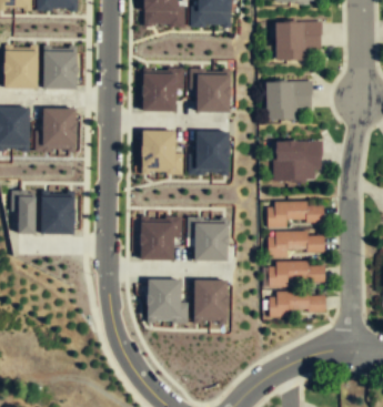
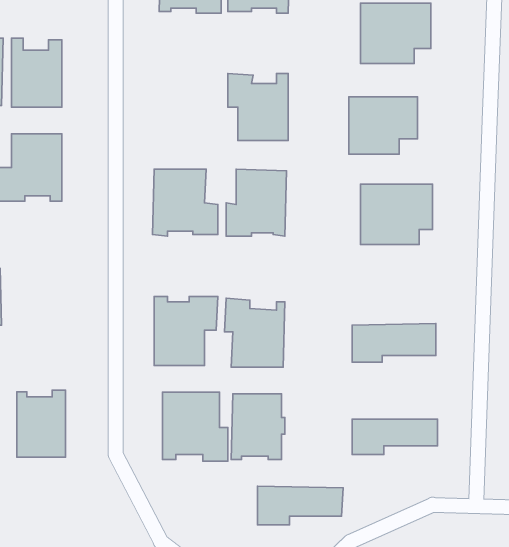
building: [141,65,182,110] -> none
building: [43,189,75,233] -> [17,390,66,457]
building: [269,201,325,224] -> none
building: [270,263,326,288] -> [258,486,343,525]

